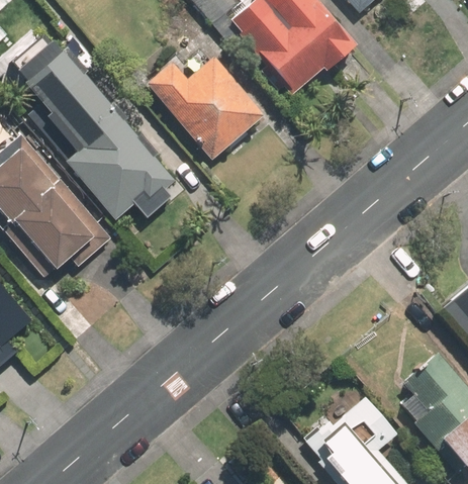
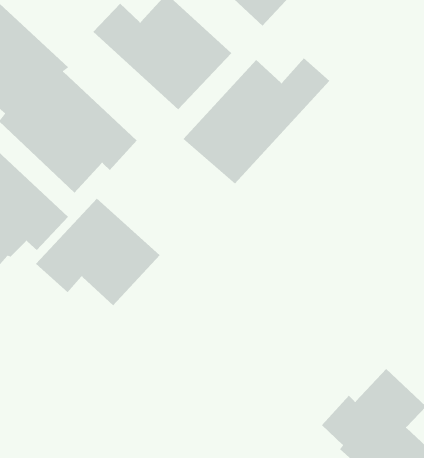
building: none -> [183,58,330,185]
building: none -> [35,198,161,306]

